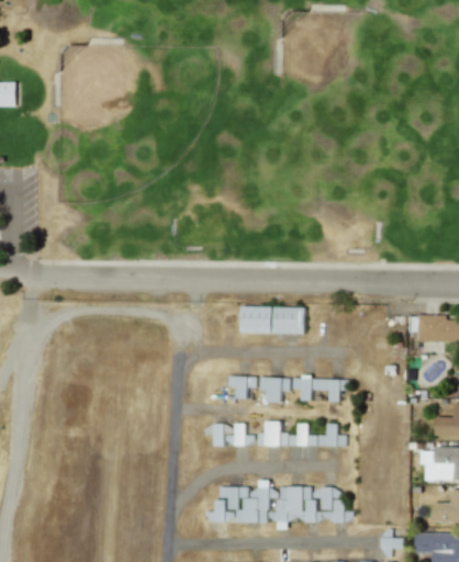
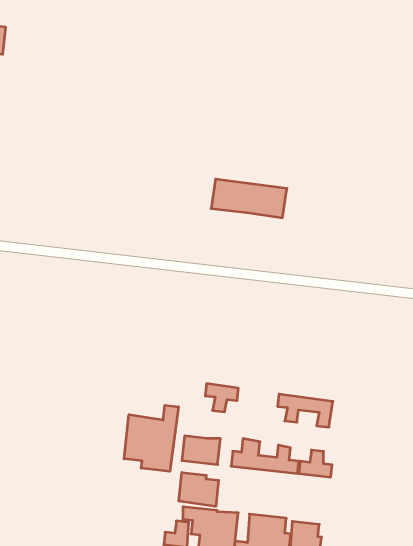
building: [240,307,305,335] -> [211,179,287,218]
building: [259,378,290,403] -> none
building: none -> [124,405,178,471]
building: none -> [179,472,219,506]

